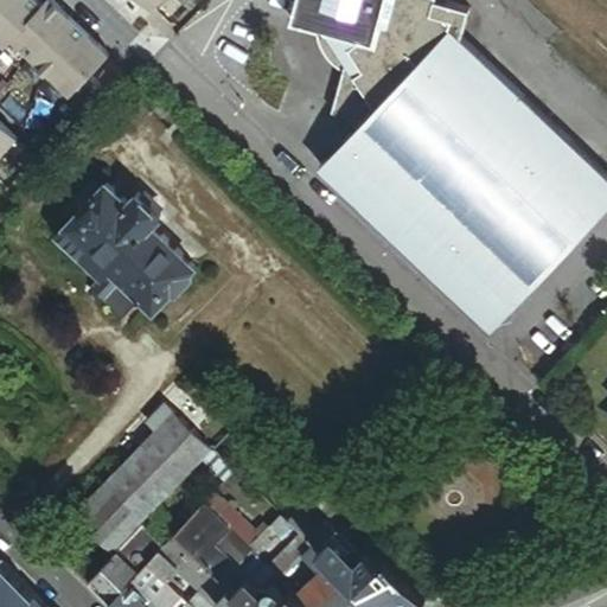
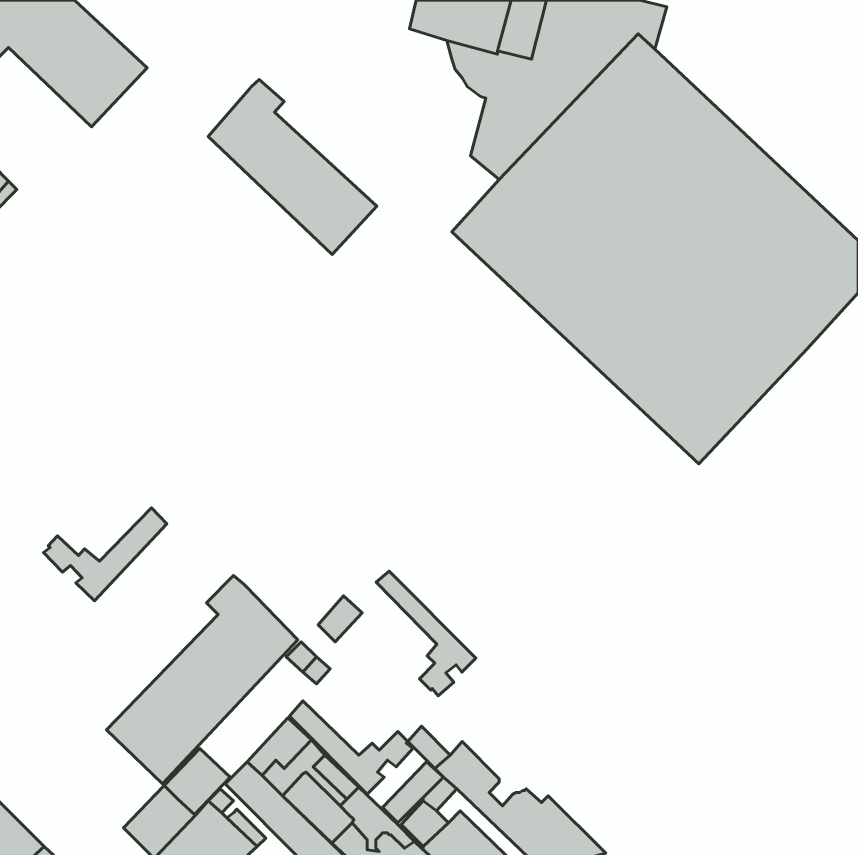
building: none -> [208,79,377,255]
building: [55,189,196,322] -> none
building: none -> [44,508,167,601]
building: none -> [376,571,476,696]

